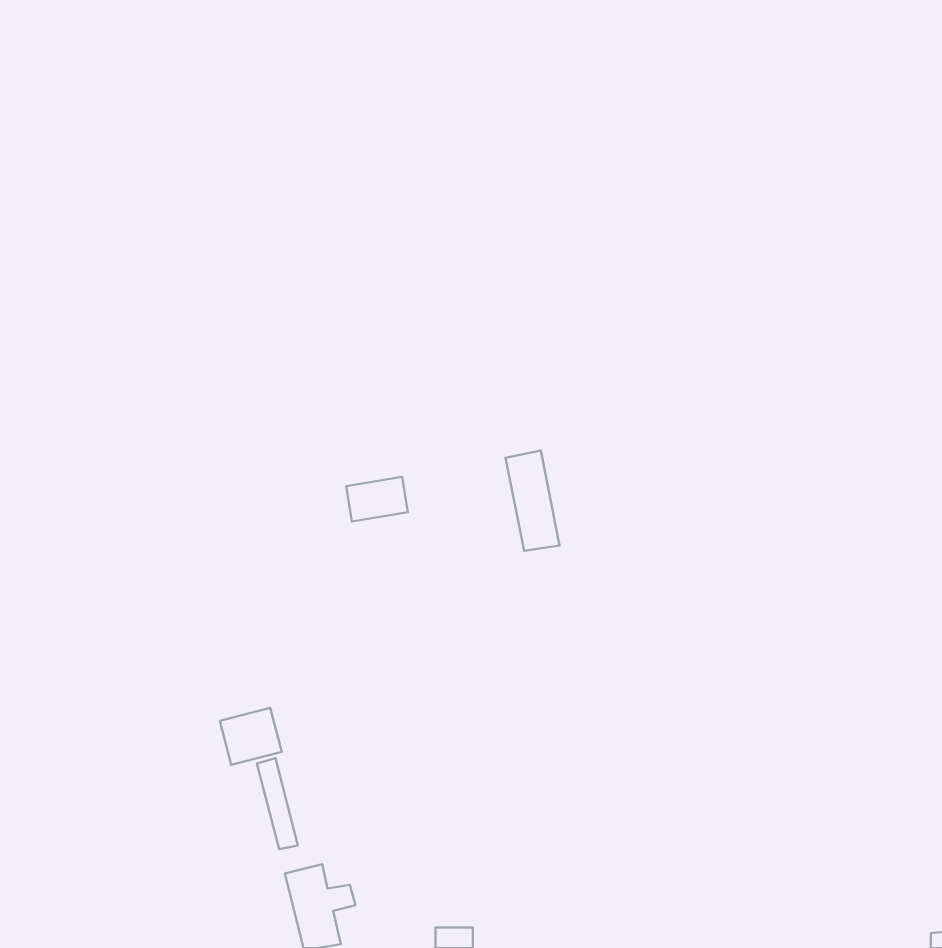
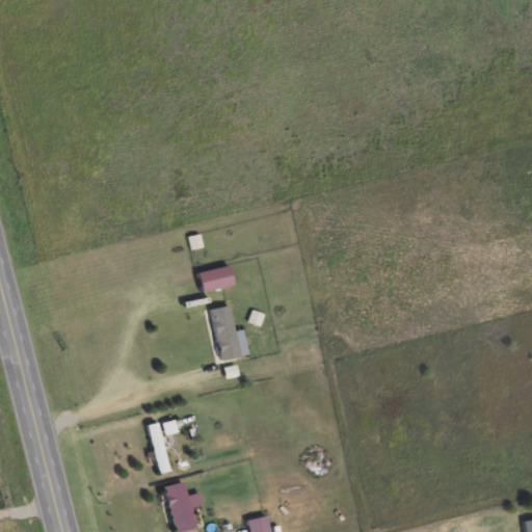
building: [505,450,559,551] -> [211,305,241,362]
building: [220,708,282,765] -> none

